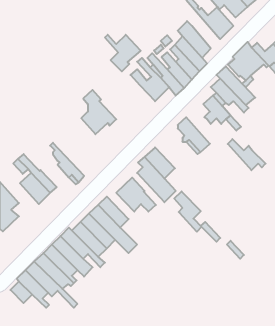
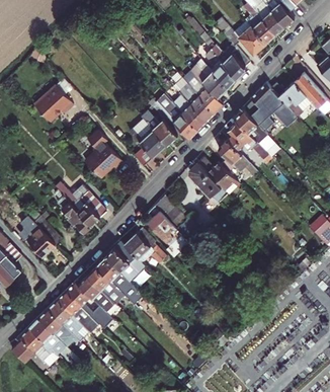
building: none -> [204,50,236,89]
building: [105,35,141,71] -> [128,129,166,168]
building: none -> [34,86,73,124]
building: none -> [57,185,105,226]
building: [228,139,266,170] -> [199,158,240,191]
building: [174,191,202,232] -> none

